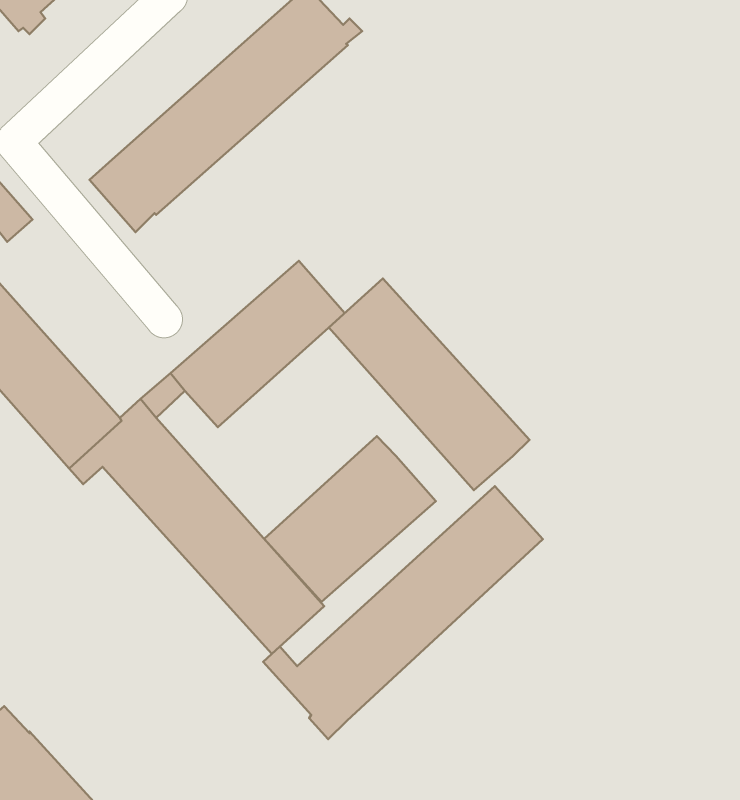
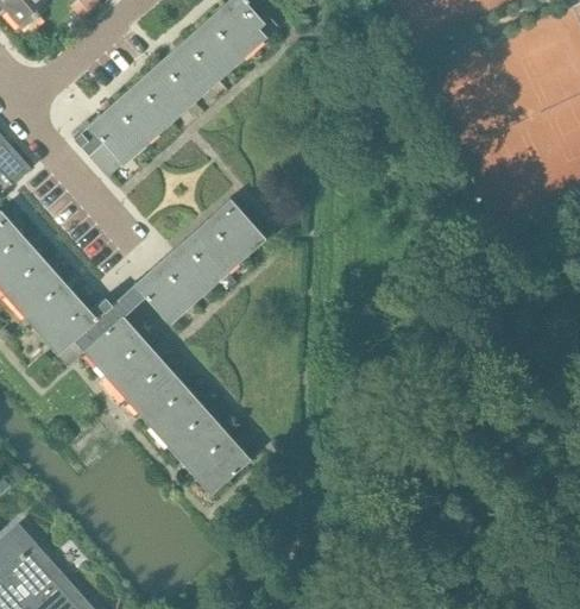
building: [329,279,529,490] -> none
building: [264,436,436,602] -> none
building: [263,486,543,739] -> none

